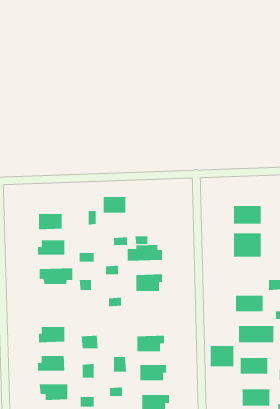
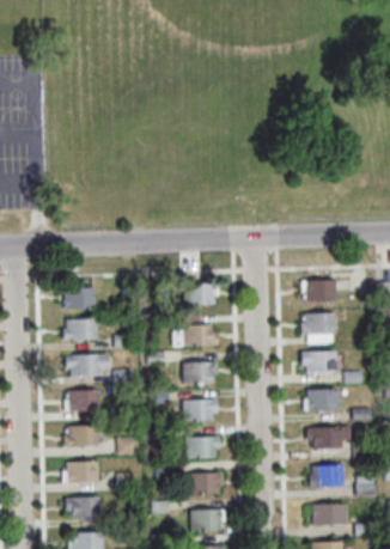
building: [103,196,126,213] -> [184,283,213,304]
building: none -> [303,350,340,372]
building: none -> [68,391,98,410]
building: none -> [183,401,217,421]
building: [210,345,234,367] -> none

